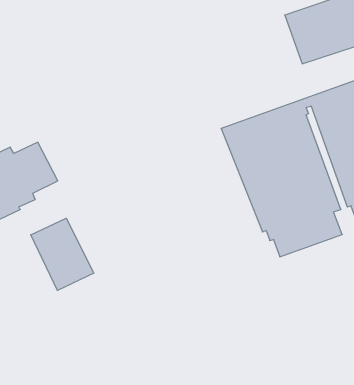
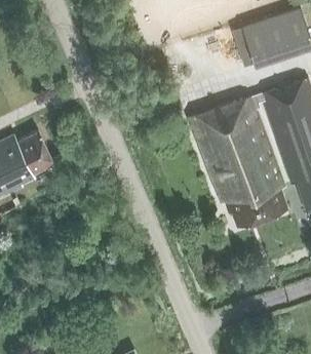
building: [31,218,94,290] -> none

